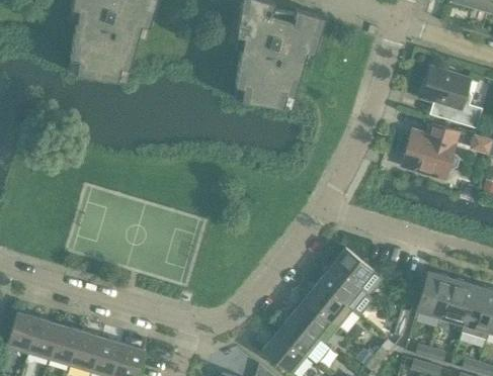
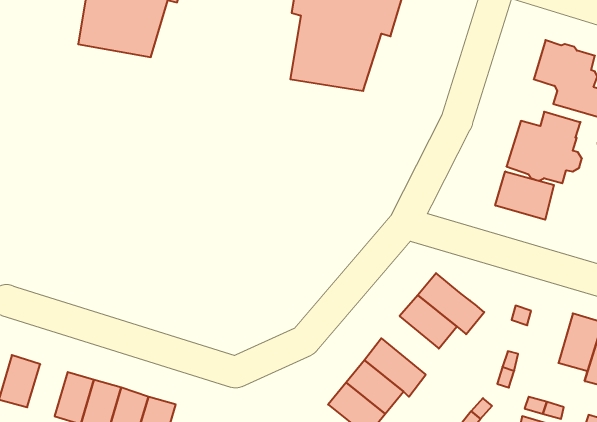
building: none -> [495,171,554,220]
building: [415,272,453,318] -> none
building: [304,281,360,333] -> none
building: [28,318,60,359] -> none

